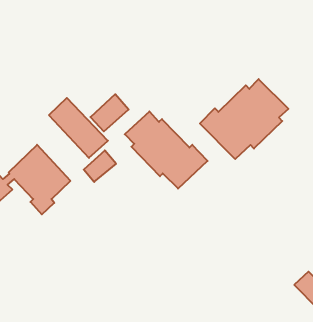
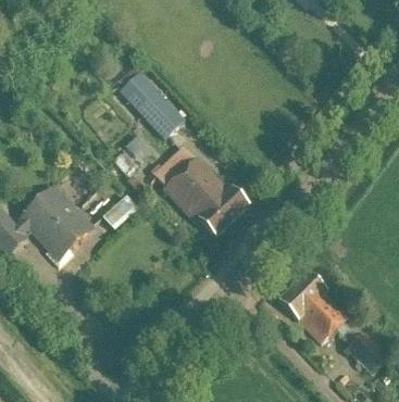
building: [200,79,288,159] -> none
building: [49,98,108,158] -> [117,67,185,136]
building: none -> [277,267,347,340]

